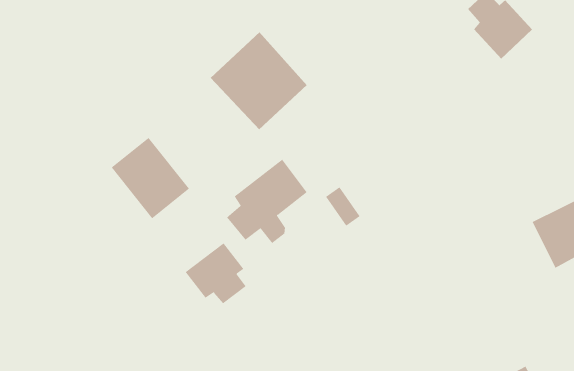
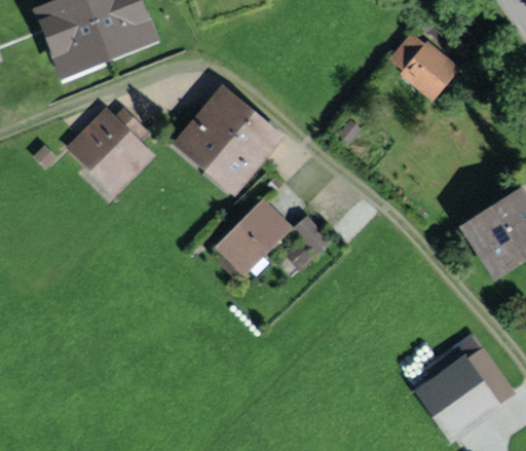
building: [111,137,190,219] -> [75,113,144,182]
building: [185,243,247,304] -> none

